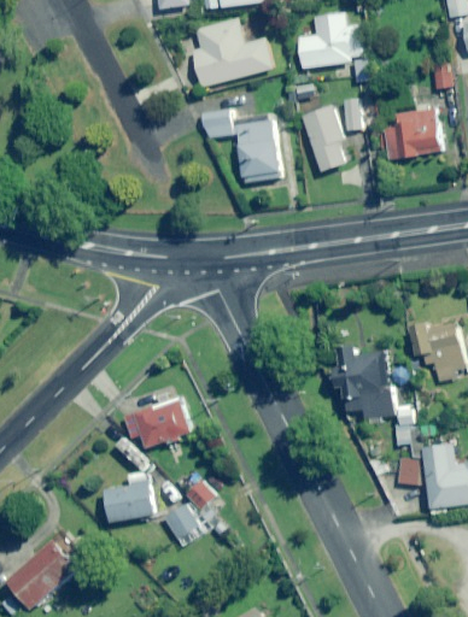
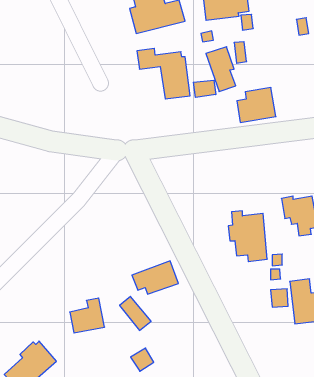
building: [384,108,440,159] -> [237,88,276,122]
building: none -> [193,80,216,97]
building: [123,399,191,447] -> [132,261,178,294]
building: [163,504,197,537] -> [131,348,154,371]

